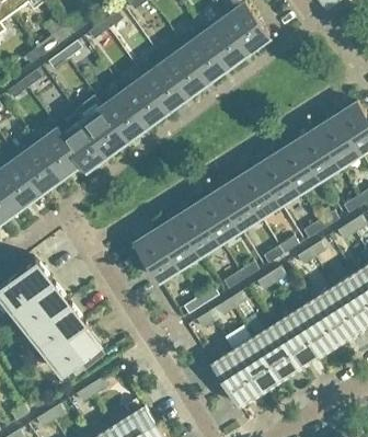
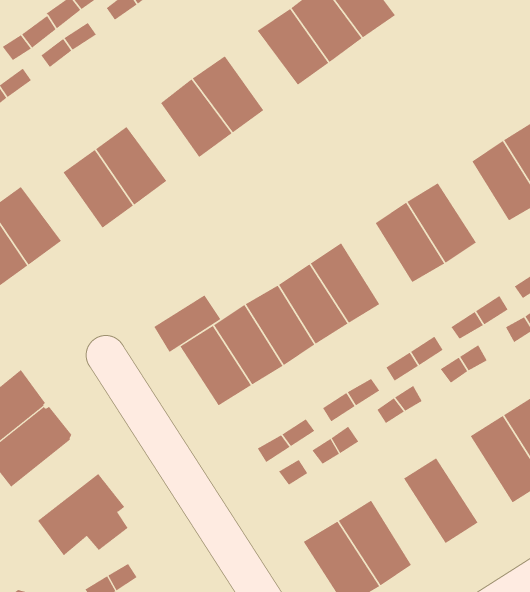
building: [162,47,207,96] -> none
building: [101,92,146,140] -> none
building: [35,128,85,177] -> none
building: [295,128,338,179] -> none
building: [234,166,278,217] -> none
building: none -> [153,294,221,353]
building: [294,299,341,353] -> none
building: [28,301,85,352] -> none
building: [253,325,299,379] -> none

